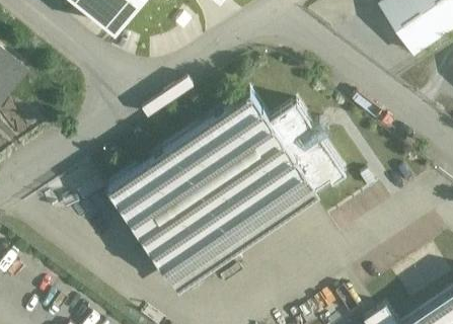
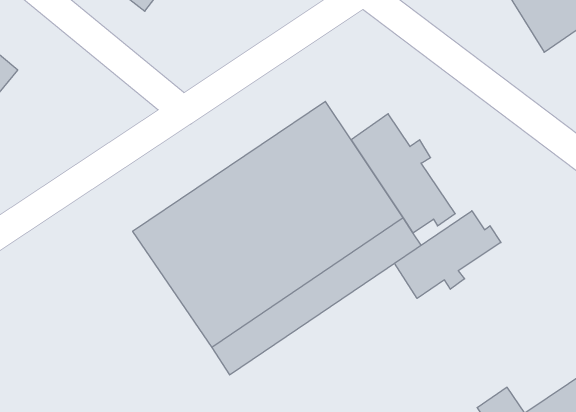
building: none -> [395,211,501,298]

